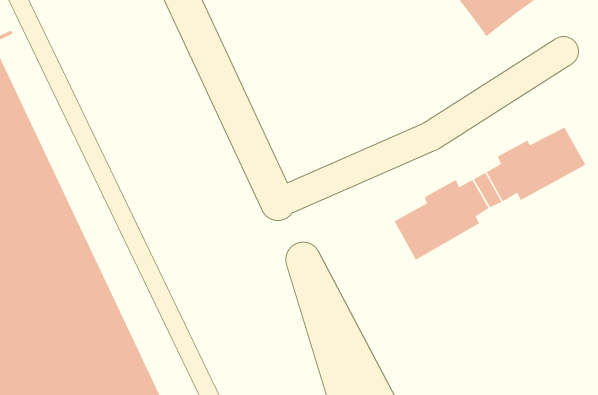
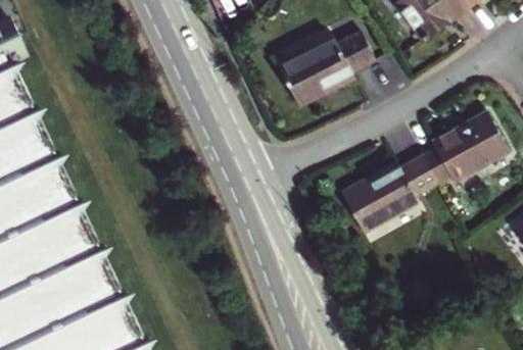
building: none -> [278,31,376,99]

